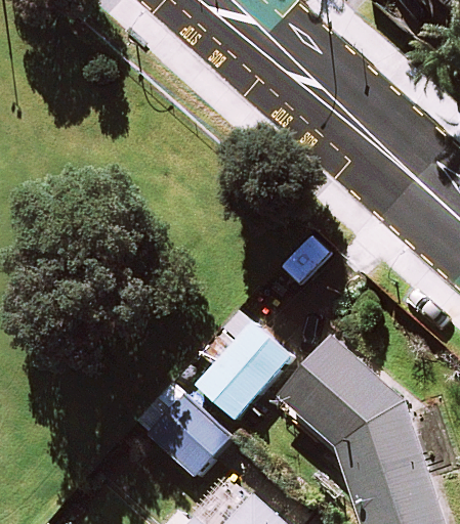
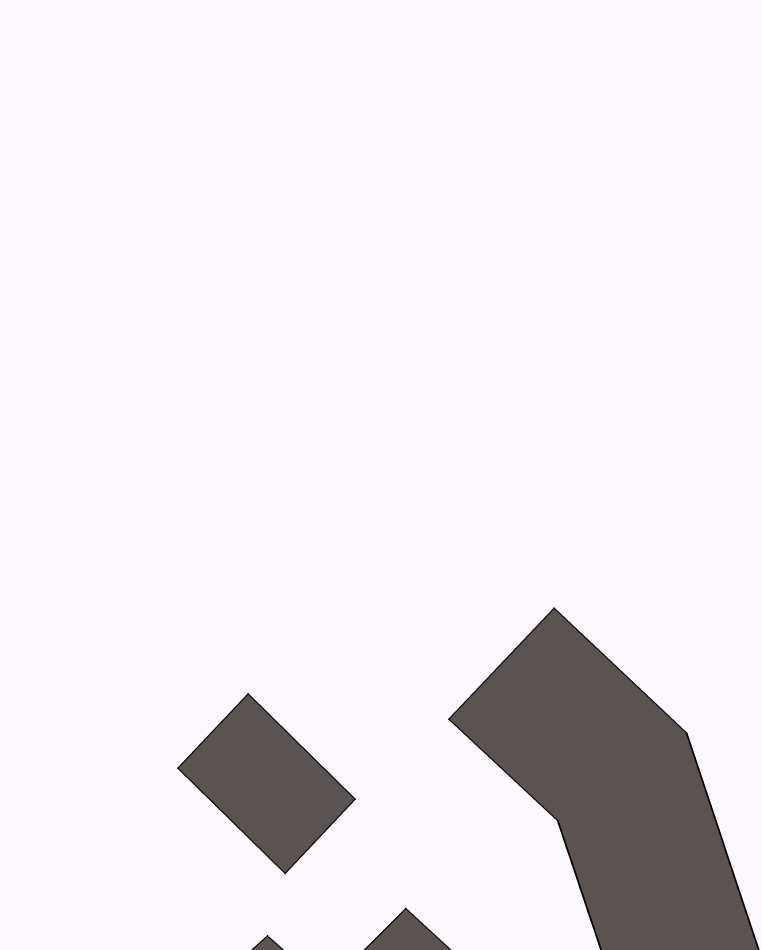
building: [196,310,290,418] -> none

